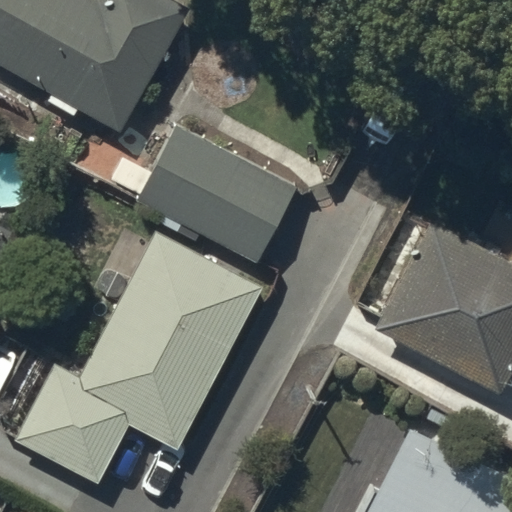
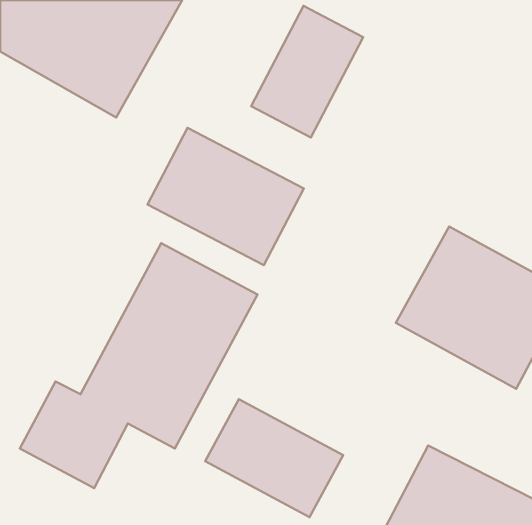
building: none -> [251,6,363,138]
building: none -> [205,399,343,517]

